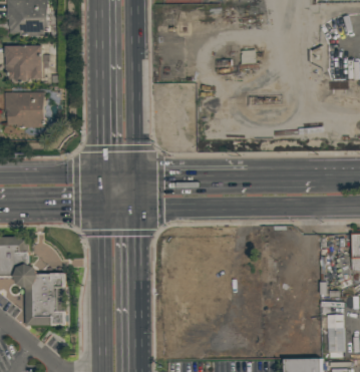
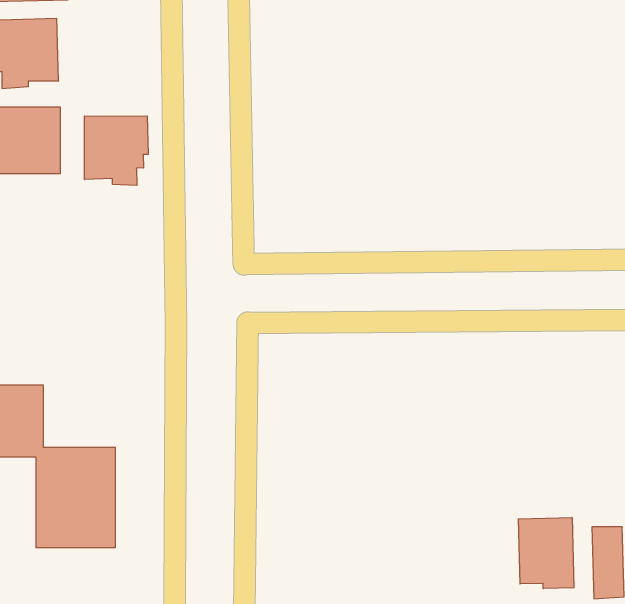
building: none -> [85,116,148,185]
building: none -> [518,517,574,589]

